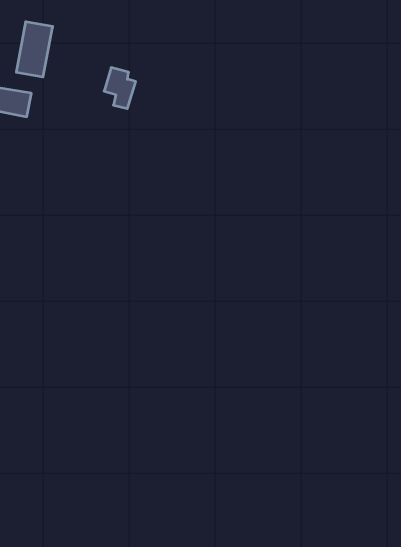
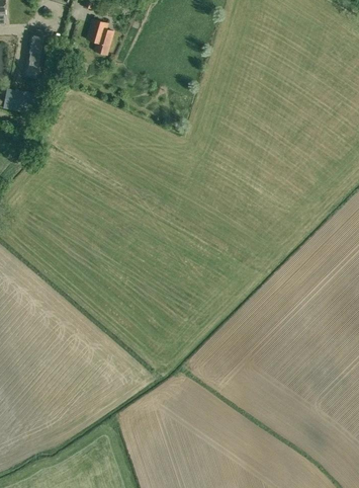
building: [104,68,136,109] -> [86,18,113,54]

